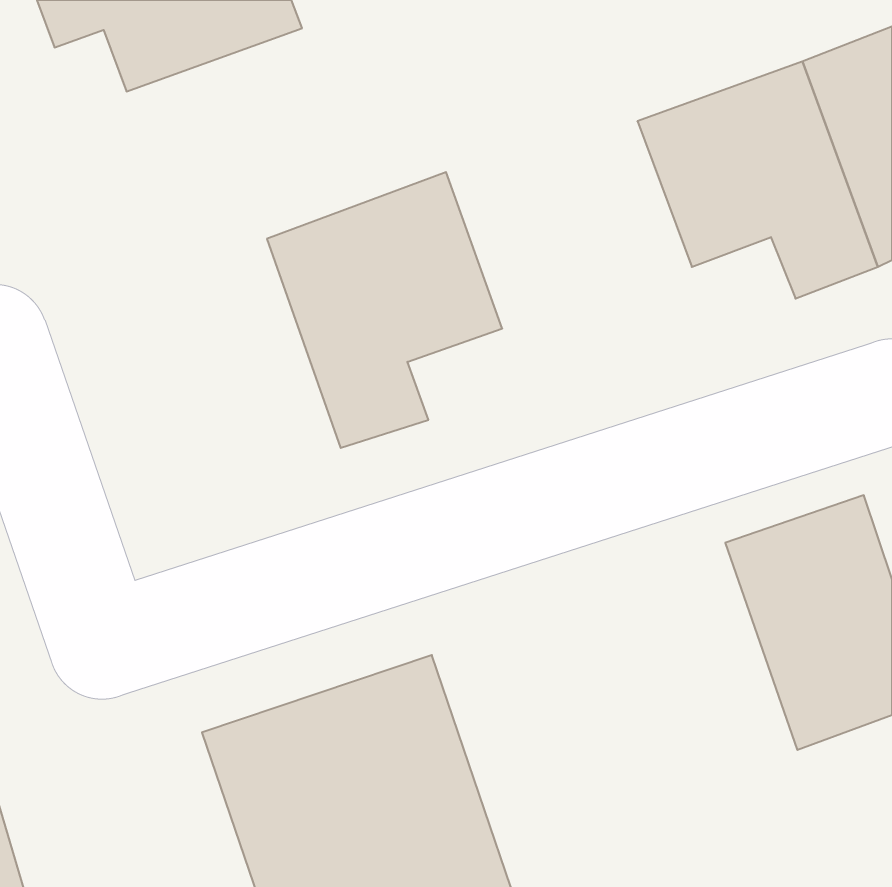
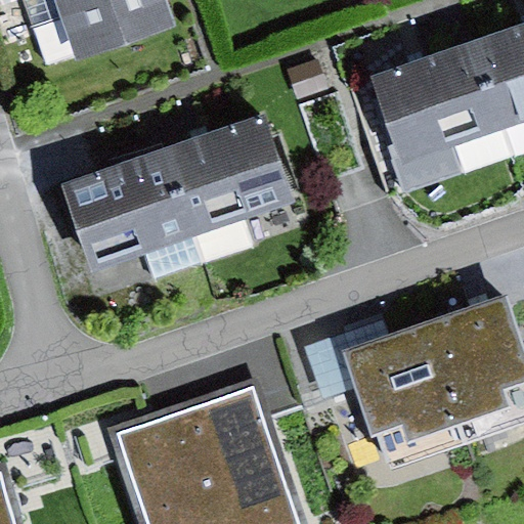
building: none -> [57,145,199,285]
building: none -> [345,322,465,469]

